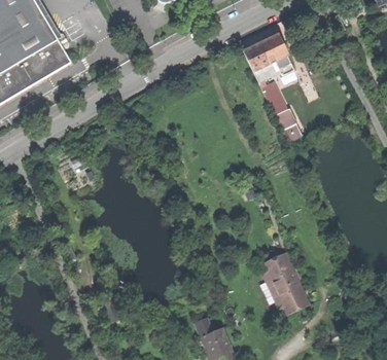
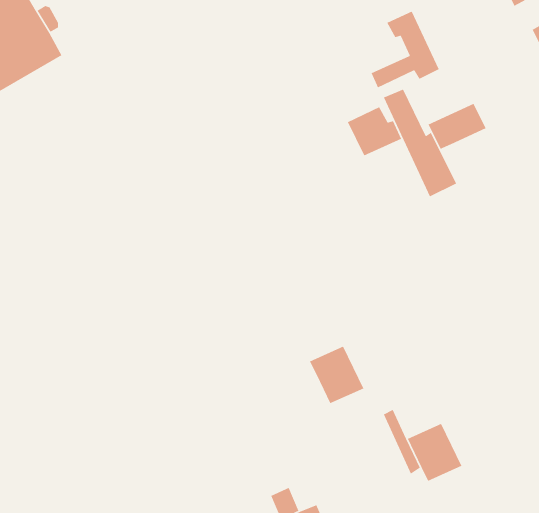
building: [243,41,276,71] -> [347,106,402,156]
building: none -> [428,103,487,150]
building: [262,253,295,288] -> [309,345,364,404]

